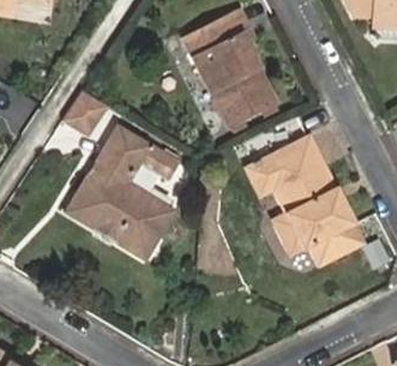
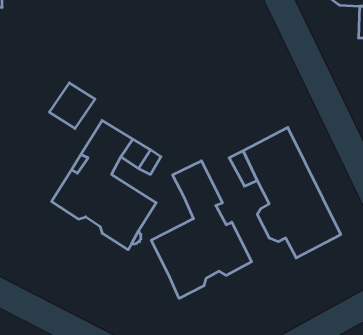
building: [185,19,277,126] -> none
building: none -> [151,161,252,298]

